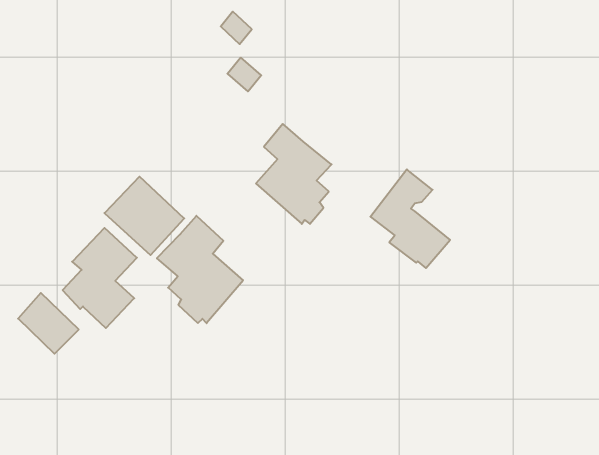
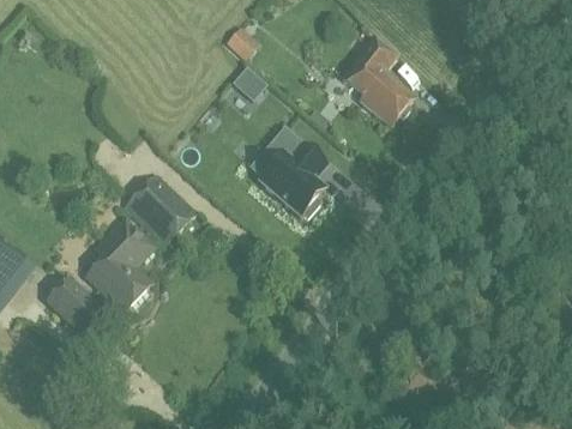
building: [370,169,450,268] -> [342,36,413,123]
building: [157,216,243,323] -> none

